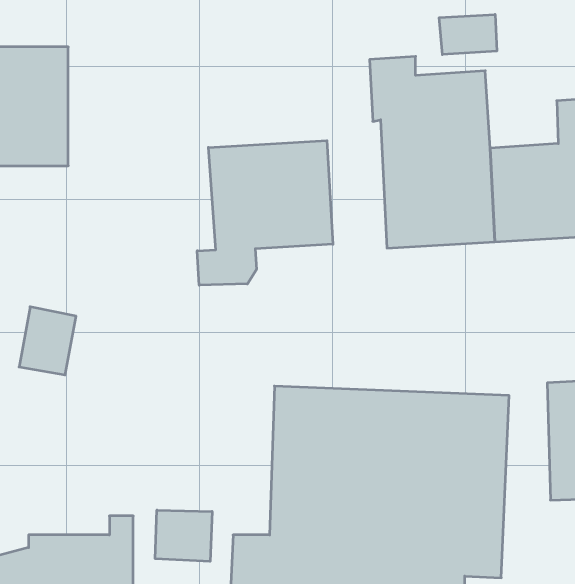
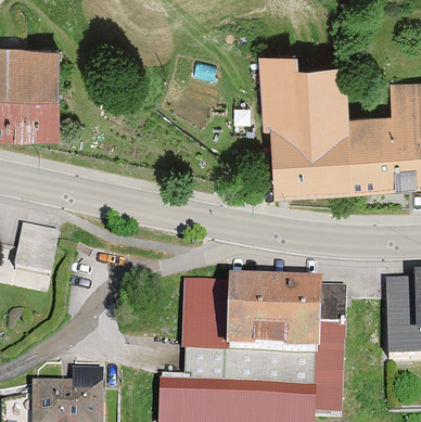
building: [439,14,497,55] -> none
building: [197,141,333,285] -> none
building: [155,510,212,561] -> none

